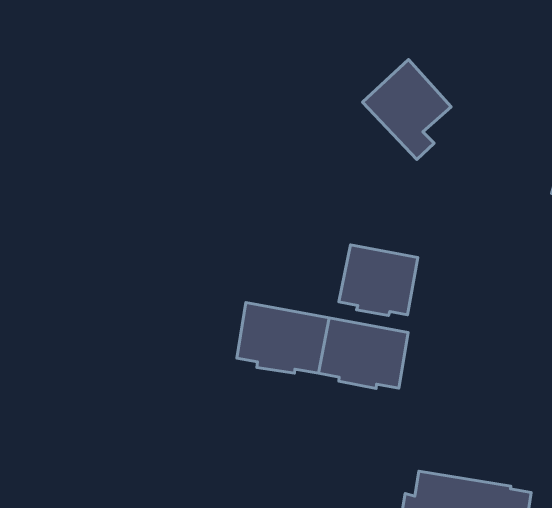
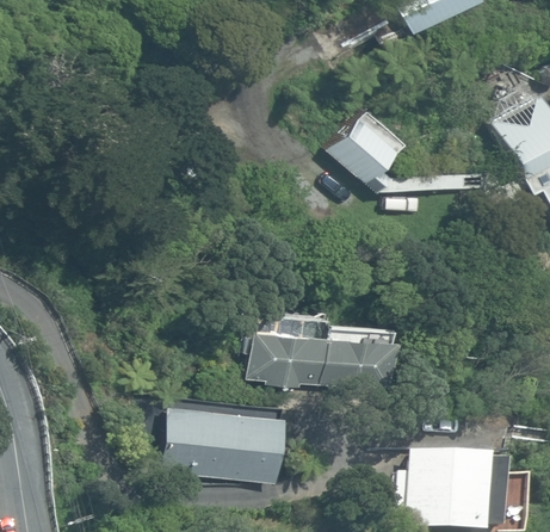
building: [339,245,418,316] -> none
building: none -> [168,408,286,483]

